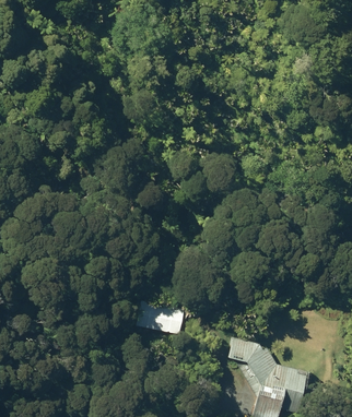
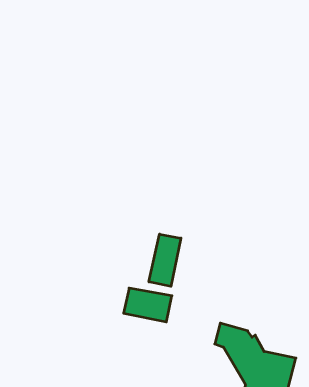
building: none -> [149,234,181,286]

